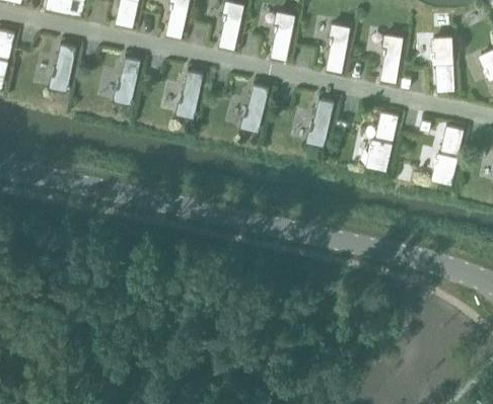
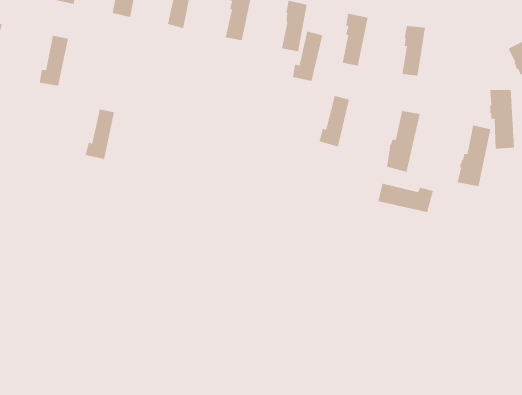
building: [431,37,454,92] -> [489,89,515,149]
building: [112,58,139,104] -> [85,109,115,160]
building: [174,71,202,118] -> none
building: [239,85,268,132] -> [292,31,323,82]
building: none -> [378,183,433,213]

